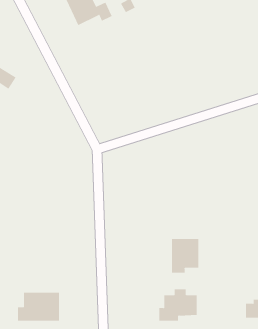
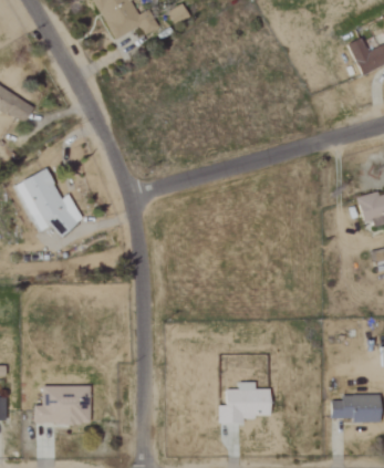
building: none -> [19,169,74,235]
building: [171,238,199,274] -> none

